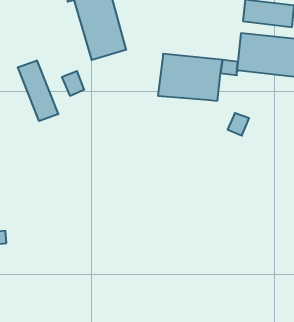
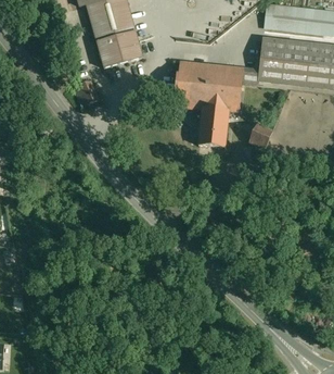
building: [18,60,58,121] -> none
building: none -> [197,108,228,147]

